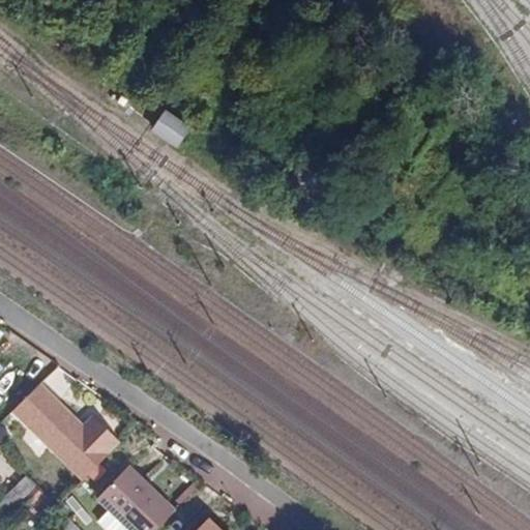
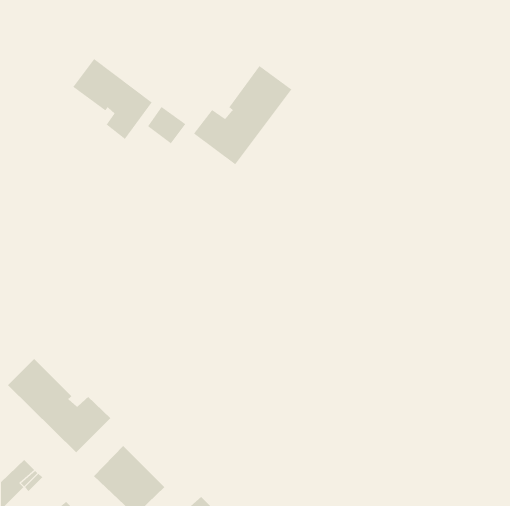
building: none -> [73,58,153,140]
building: none -> [193,65,292,165]

